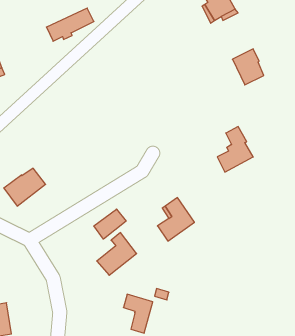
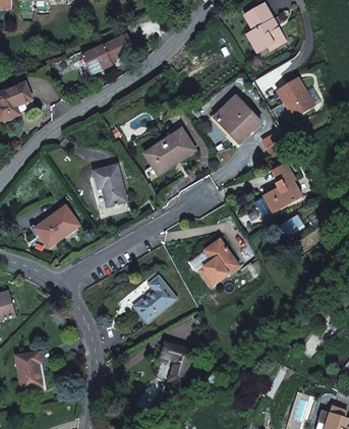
building: none -> [213,95,258,141]
building: none -> [144,127,194,173]
building: none -> [93,165,125,204]
building: [94,209,126,239] -> none

